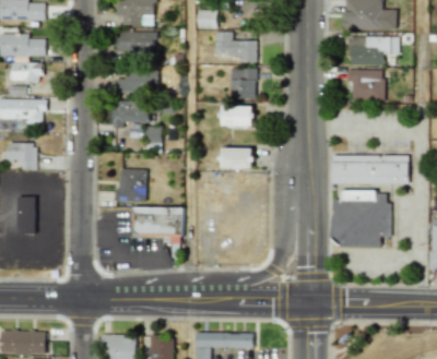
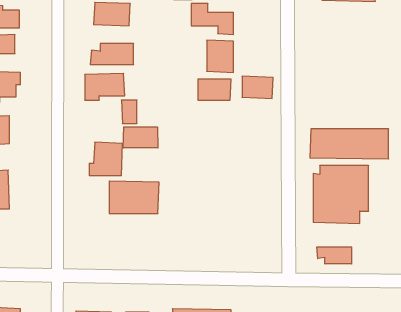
building: [347,36,399,64] -> none
building: [346,69,383,99] -> none
building: [221,147,251,169] -> [242,76,273,98]
building: none -> [123,127,158,148]
building: none -> [317,247,352,264]

